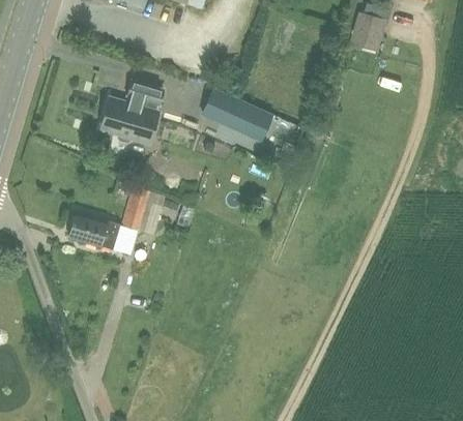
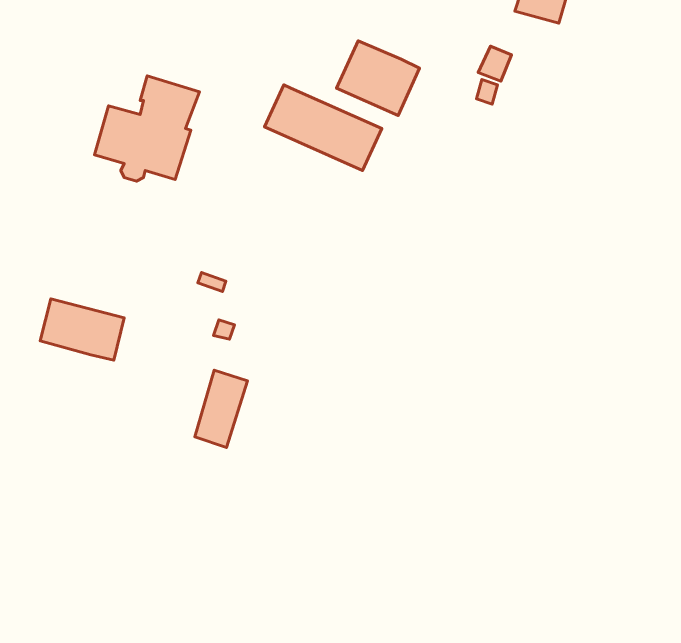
building: none -> [337,41,420,115]
building: [121,184,152,230] -> [195,370,248,447]

